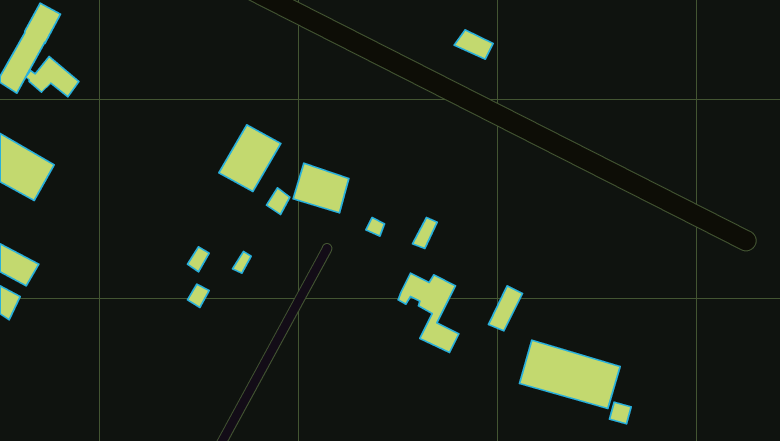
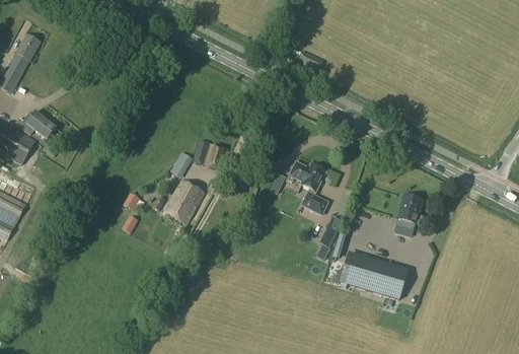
building: [26,57,79,97] -> [20,112,55,138]
building: [219,125,281,192] -> [164,180,205,223]
building: none -> [395,195,422,228]
building: [398,273,459,352] -> [288,162,327,214]

